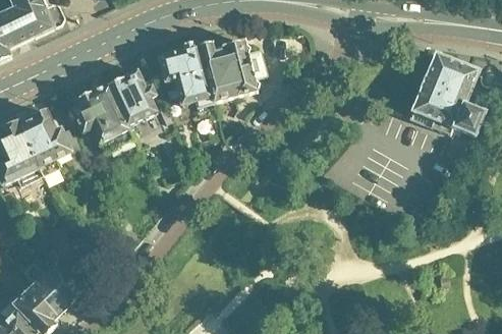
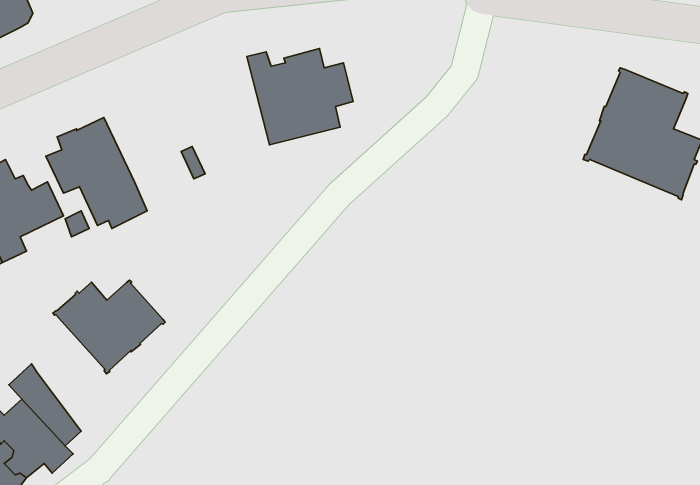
building: [156,43,214,115] -> none
building: [106,69,155,125] -> none
building: none -> [53,280,165,374]

